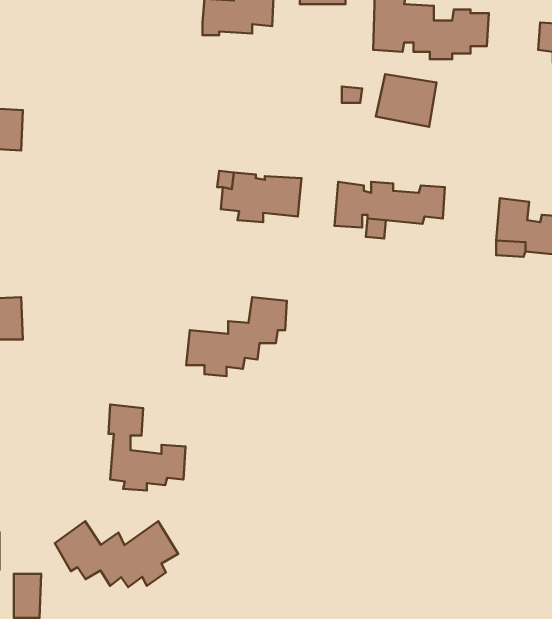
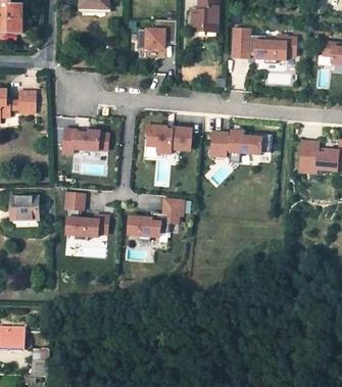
building: [376,74,436,127] -> none
building: none -> [62,129,108,153]
building: [108,404,185,491] -> [65,192,108,240]
building: [55,521,178,587] -> none

